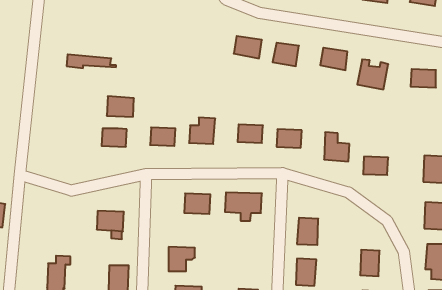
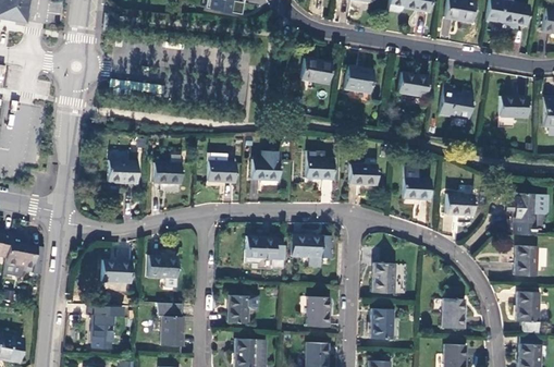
building: [107,96,134,117] -> [107,159,137,182]
building: none -> [101,259,131,282]
building: none -> [307,296,329,327]

